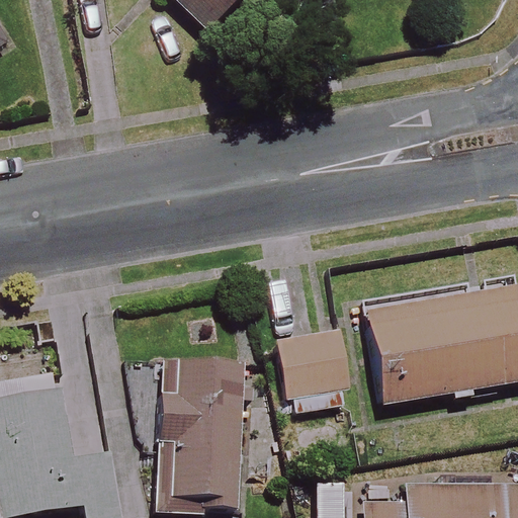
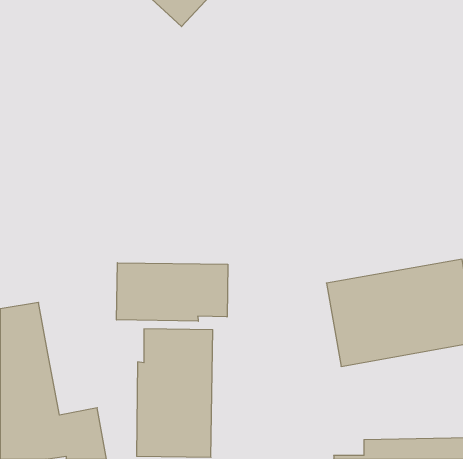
building: none -> [117,263,228,321]
building: [276,328,352,412] -> none

